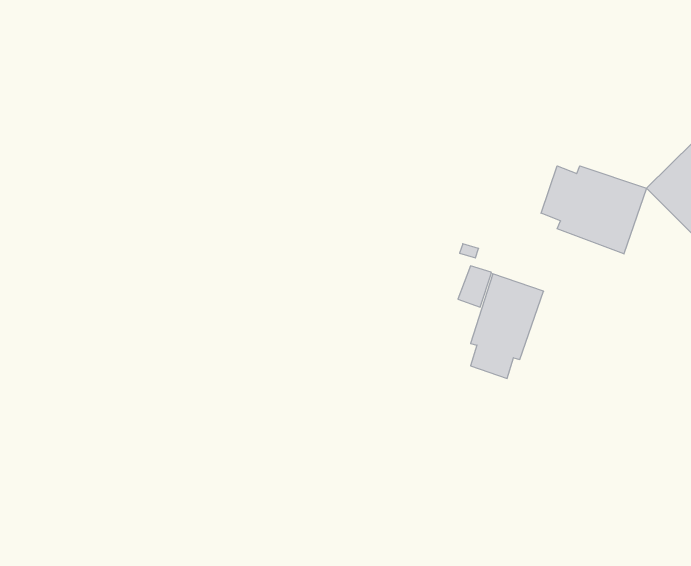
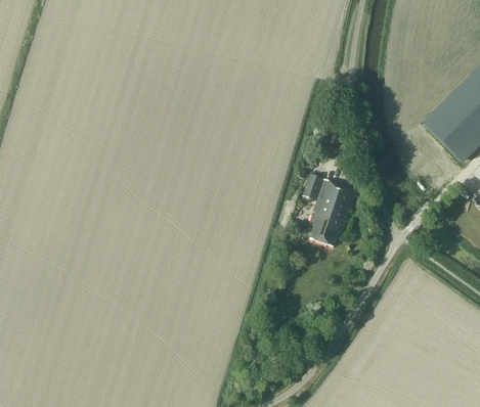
building: [541,166,646,254] -> none

